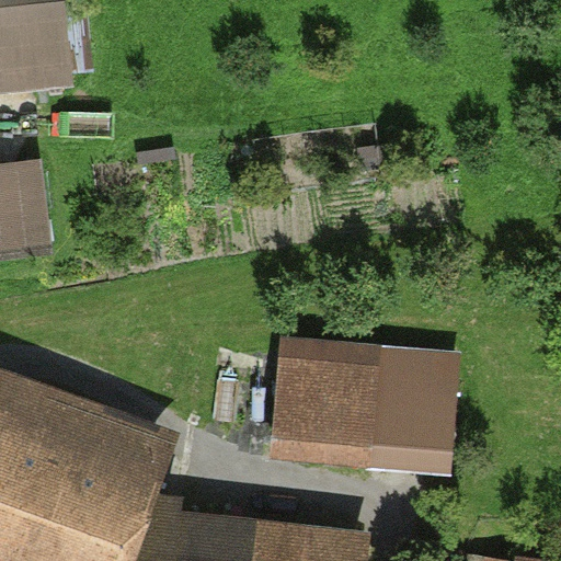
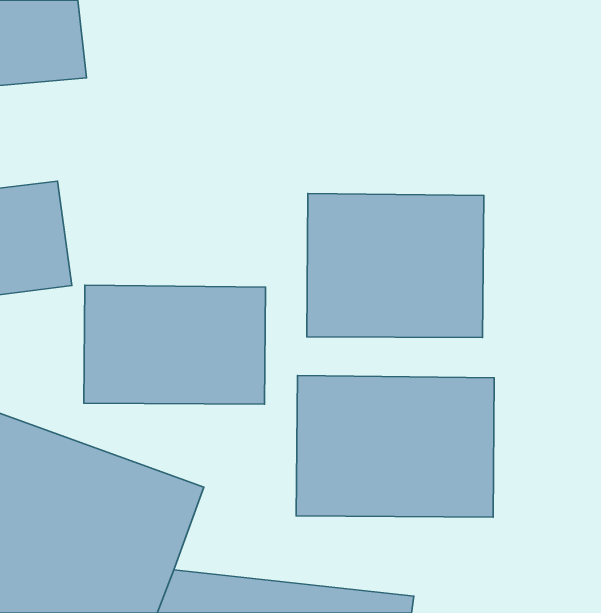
building: none -> [307,194,484,338]
building: none -> [84,285,266,404]

